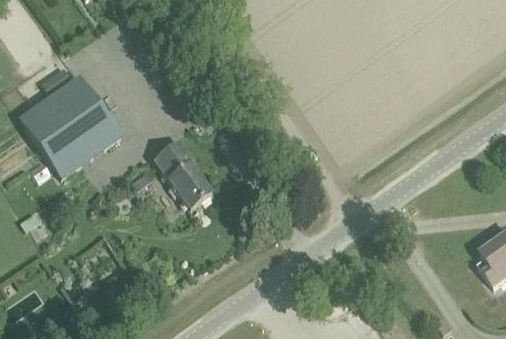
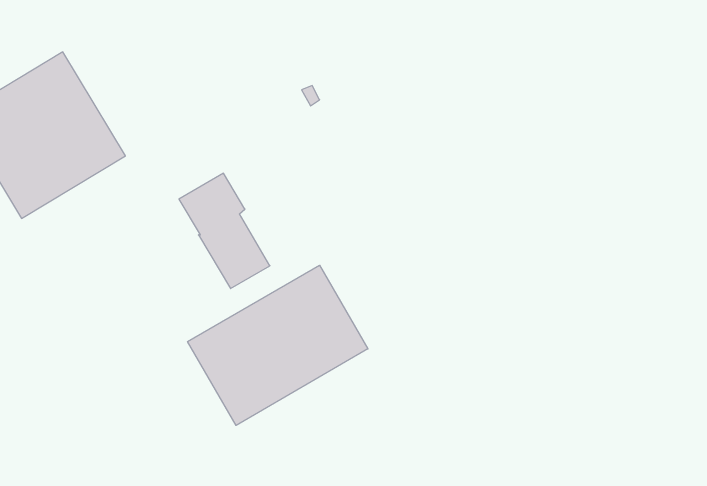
building: none -> [188,265,368,425]

